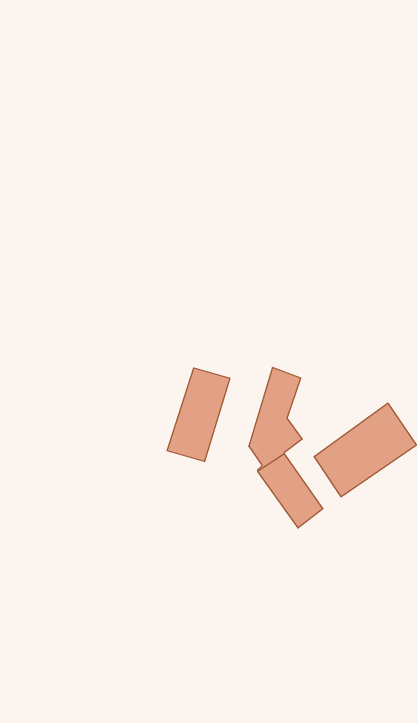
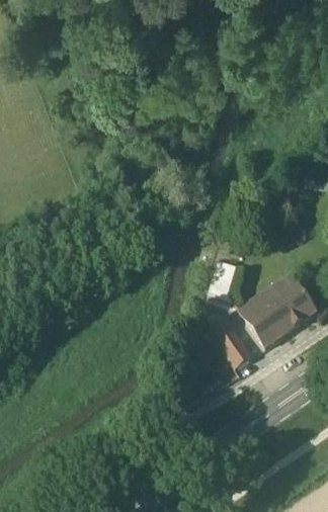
building: [167,368,230,462] -> none

